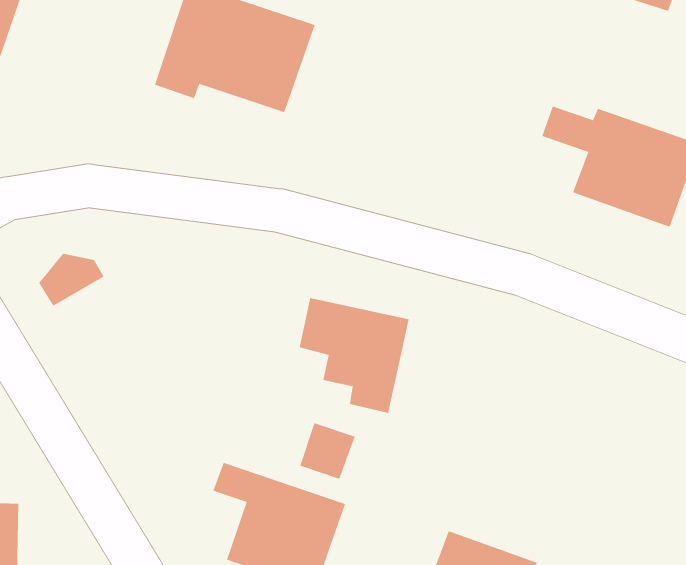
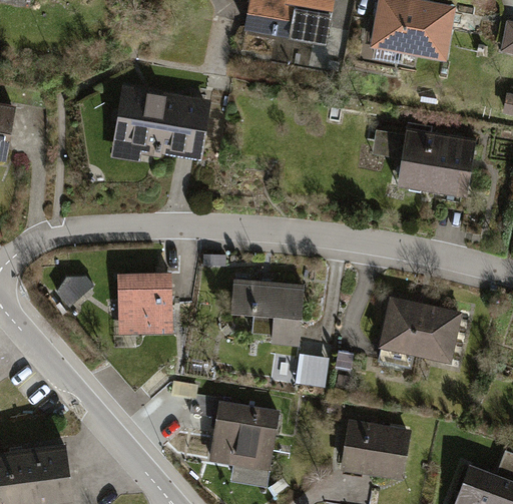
building: none -> [119,274,169,336]
building: none -> [379,298,462,365]
building: [299,422,356,480] -> [298,347,332,382]

